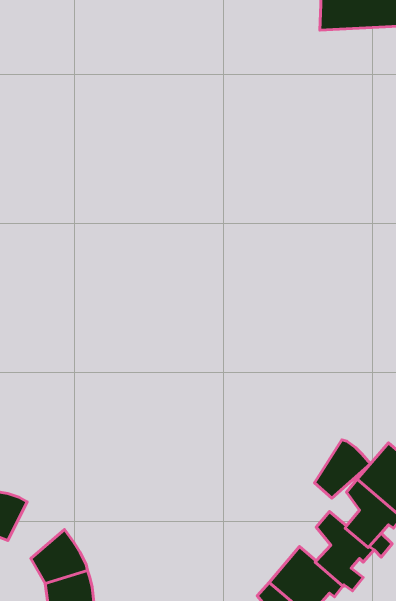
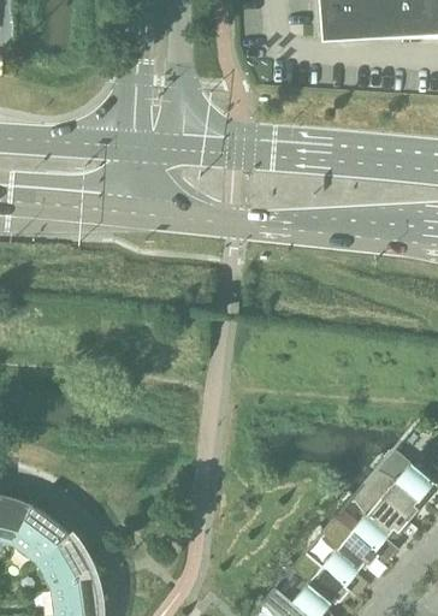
building: [314,440,370,498] -> none
building: none -> [13,507,70,563]

